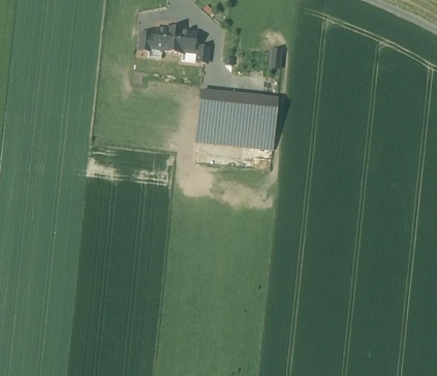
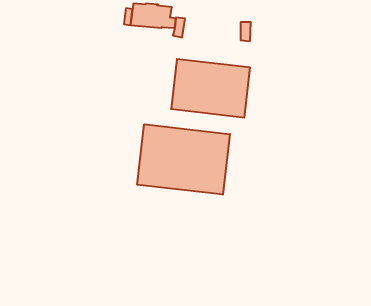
building: none -> [137,124,230,195]

